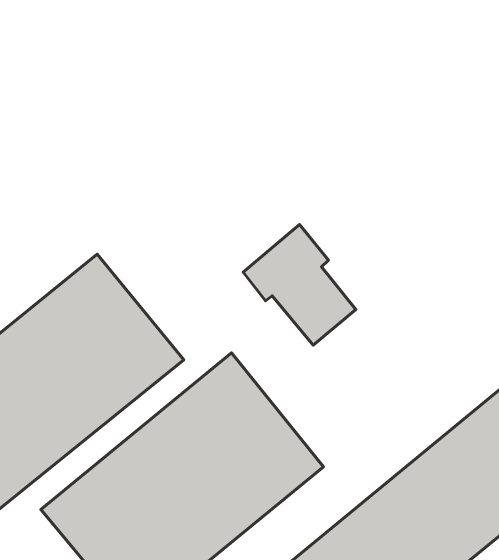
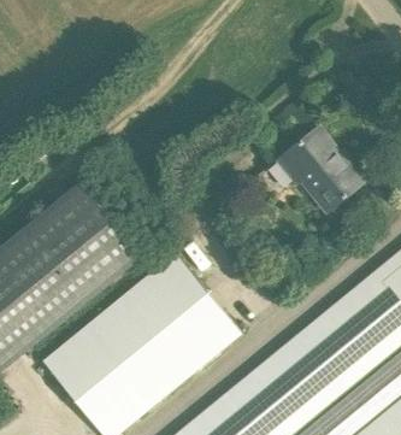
building: [243,224,356,345] -> [277,127,356,212]

